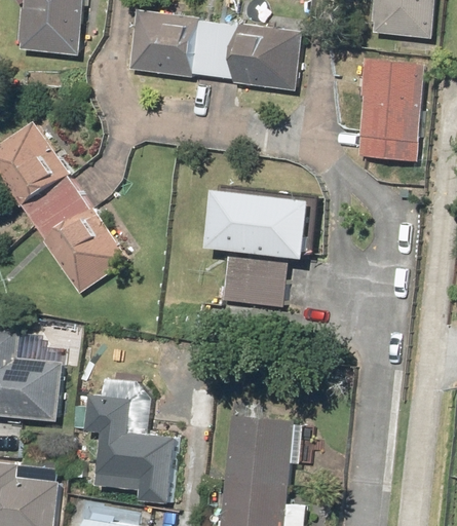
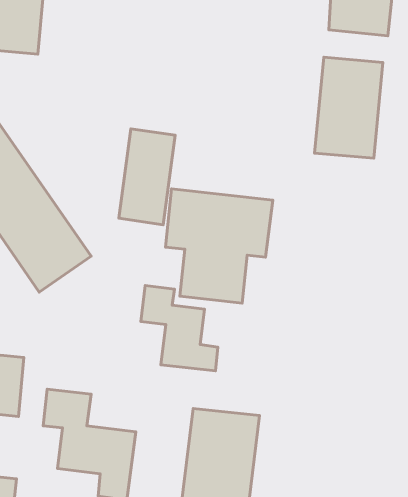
building: [127,8,302,91] -> none
building: none -> [119,129,175,225]
building: none -> [141,285,218,371]

